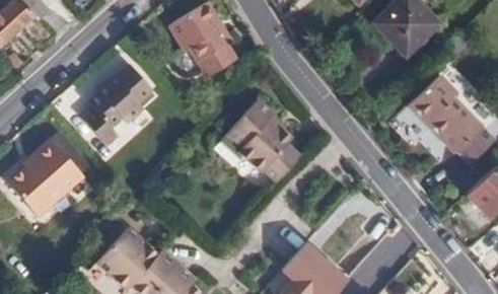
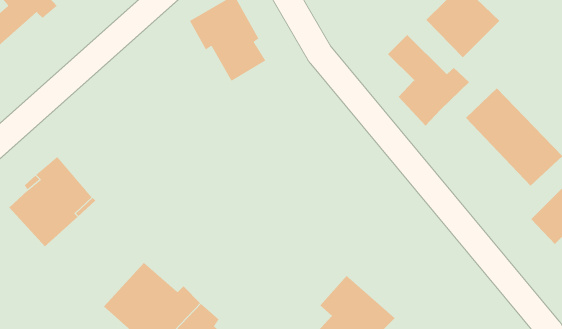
building: none -> [387,34,470,126]
building: [80,66,151,147] -> none
building: [227,101,300,181] -> none

